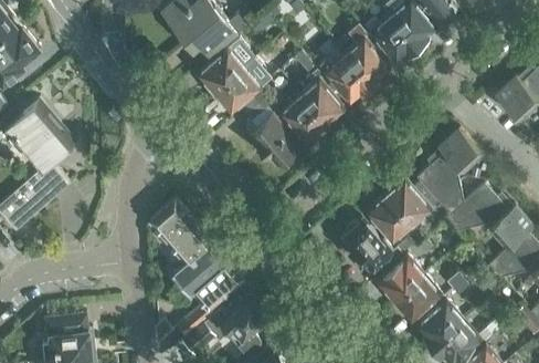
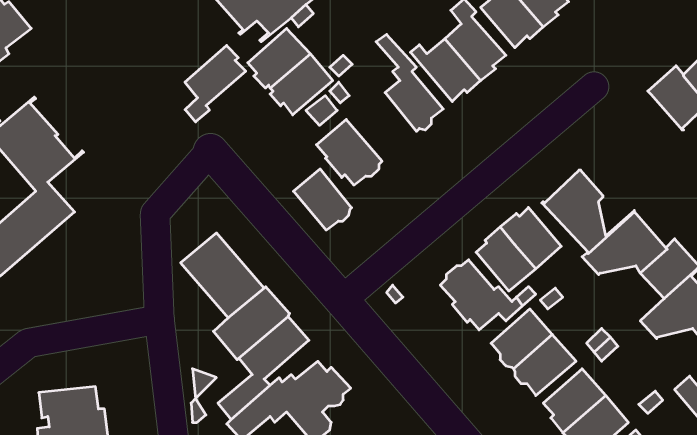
building: none -> [185,45,246,122]
building: [279,95,323,141] -> [293,169,352,230]
building: [436,127,483,174] -> none

